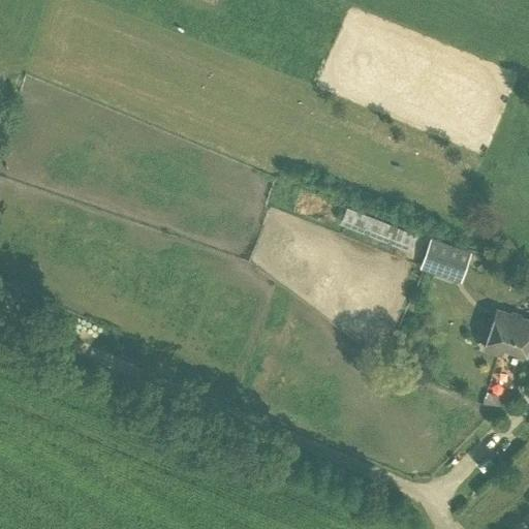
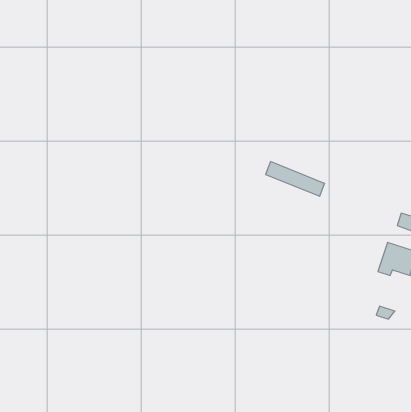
building: [419,237,472,282] -> none

